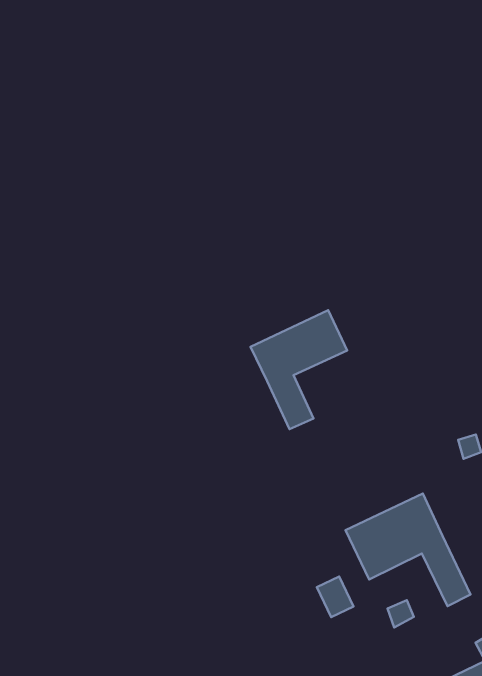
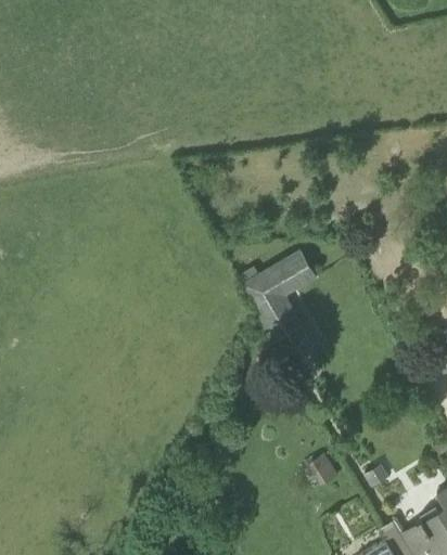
building: [346,494,470,606] -> none

